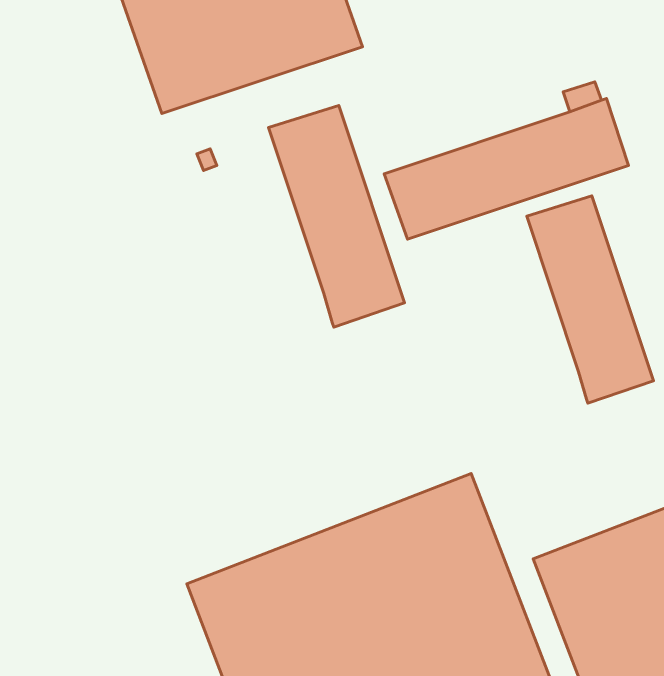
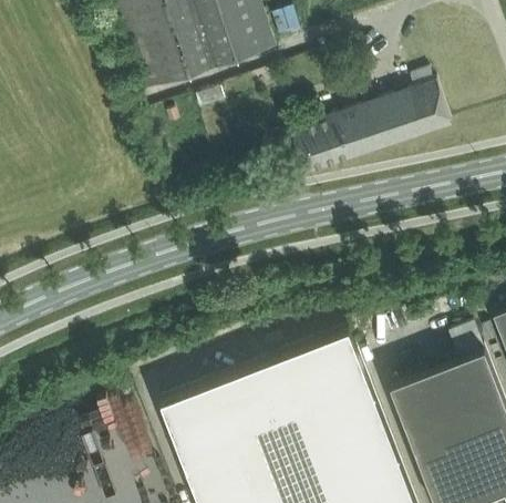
building: [268,105,405,327] -> none
building: [527,196,654,403] -> none

